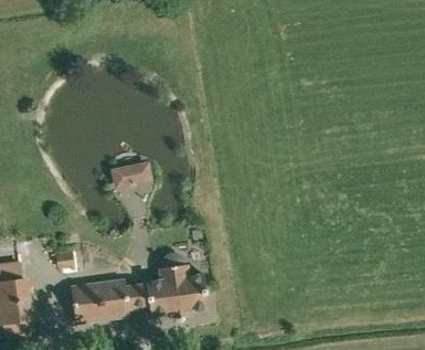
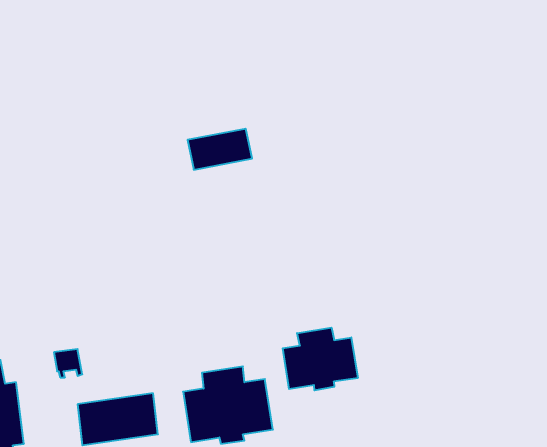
building: [106,159,151,188] -> [188,129,252,170]
building: none -> [283,328,358,390]

